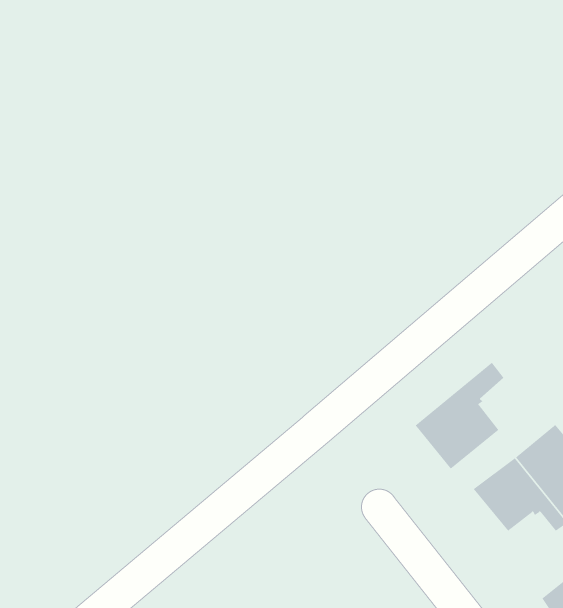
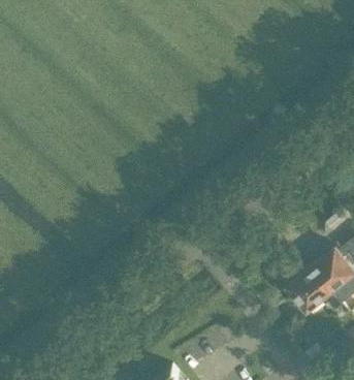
building: [415,362,504,470] -> none

